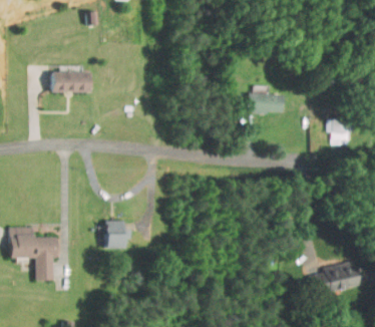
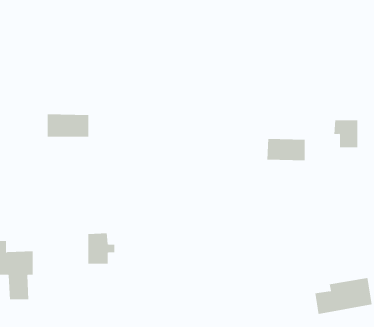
building: [53,70,91,91] -> [47,114,89,137]
building: [248,92,283,112] -> [266,139,306,161]

